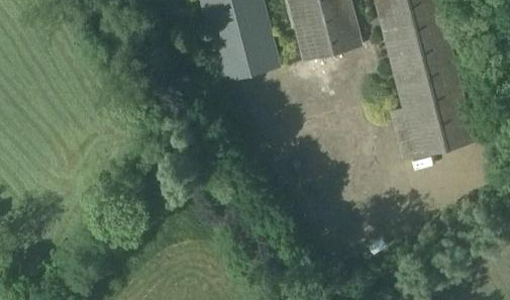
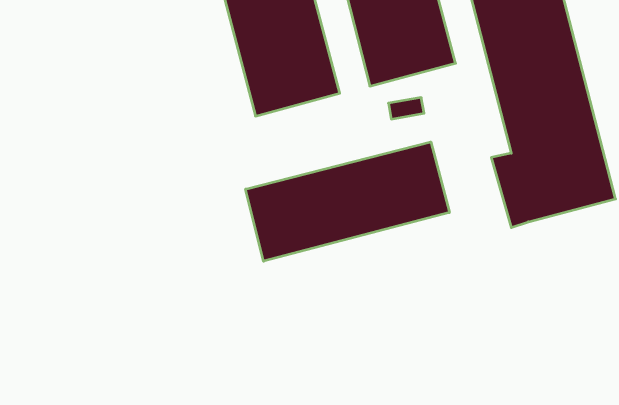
building: none -> [246,142,449,261]

